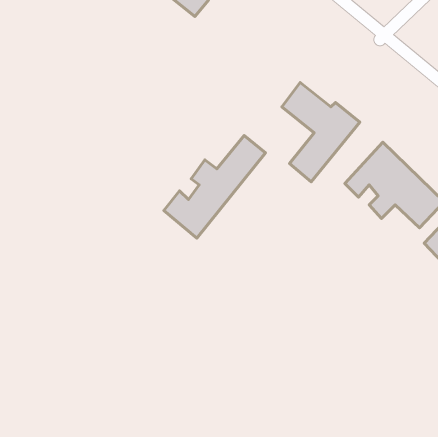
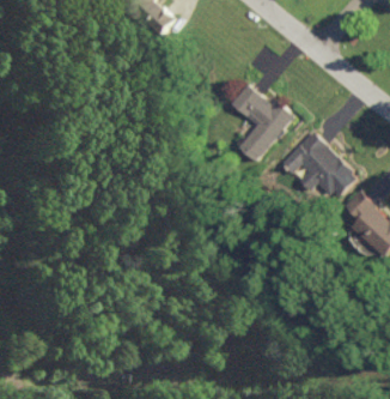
building: [164,136,265,238] -> none

